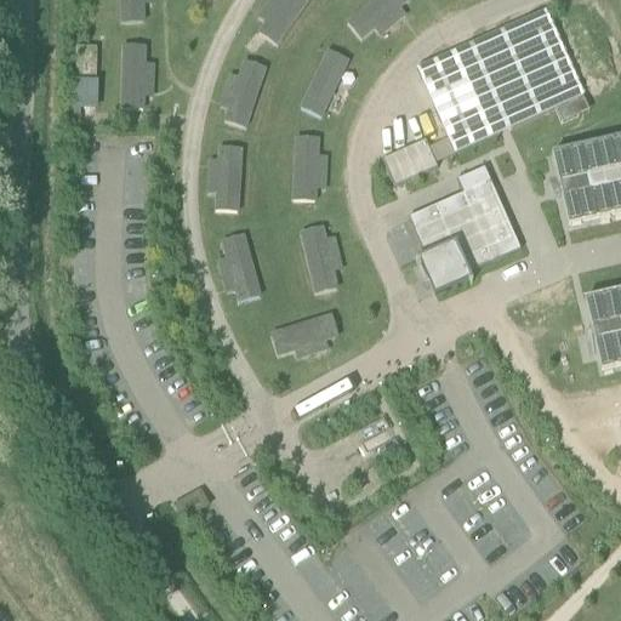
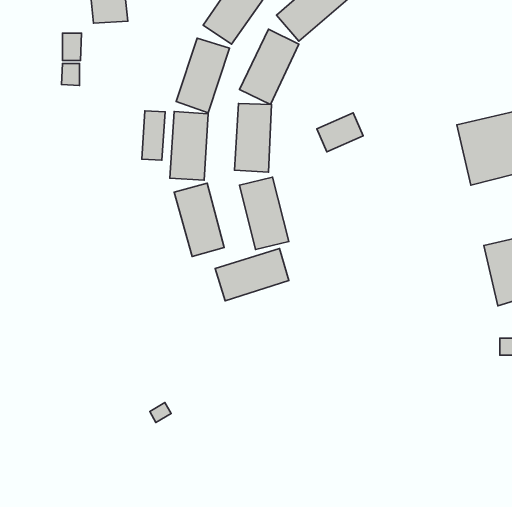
building: [418,7,585,143] -> none
building: [118,42,146,102] -> [142,111,165,160]
building: [409,164,522,290] -> none

